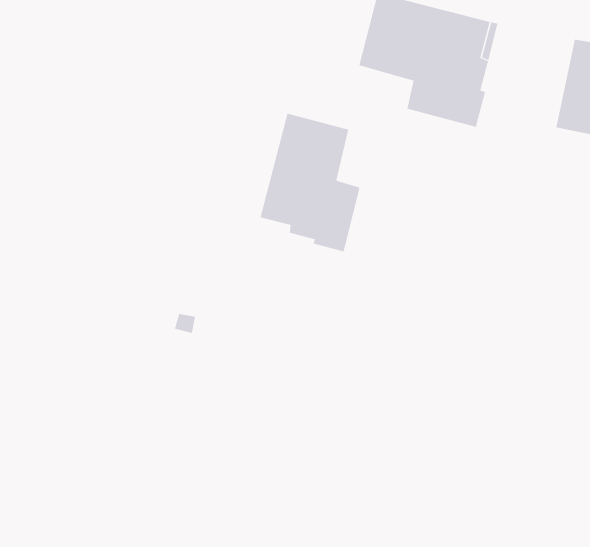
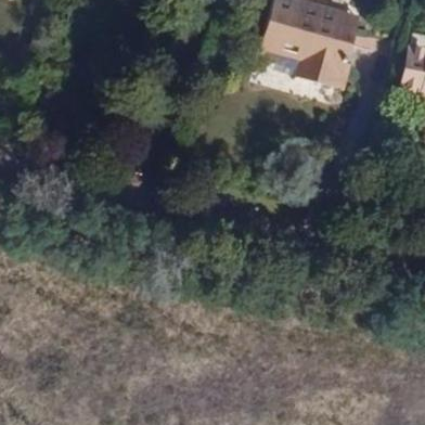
building: [260,113,360,252] -> none

